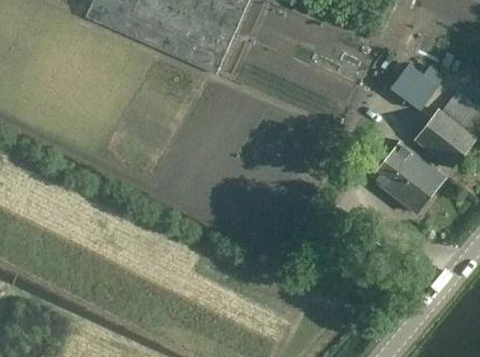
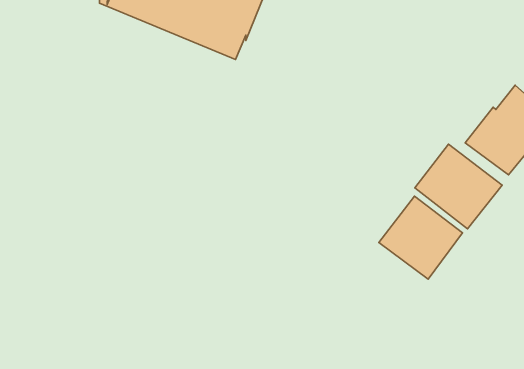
building: [389,64,437,110] -> none
building: none -> [379,196,462,279]

